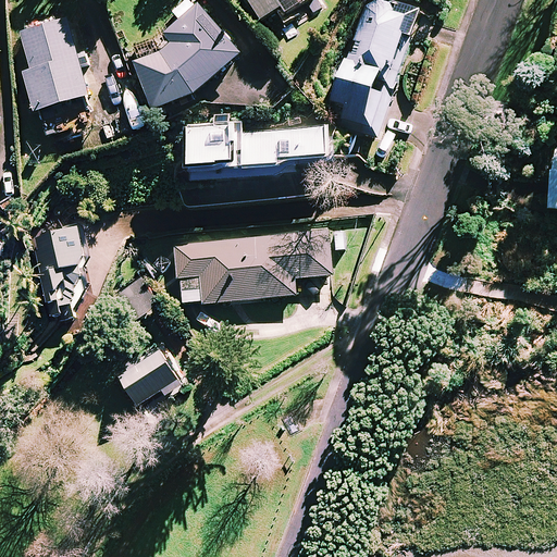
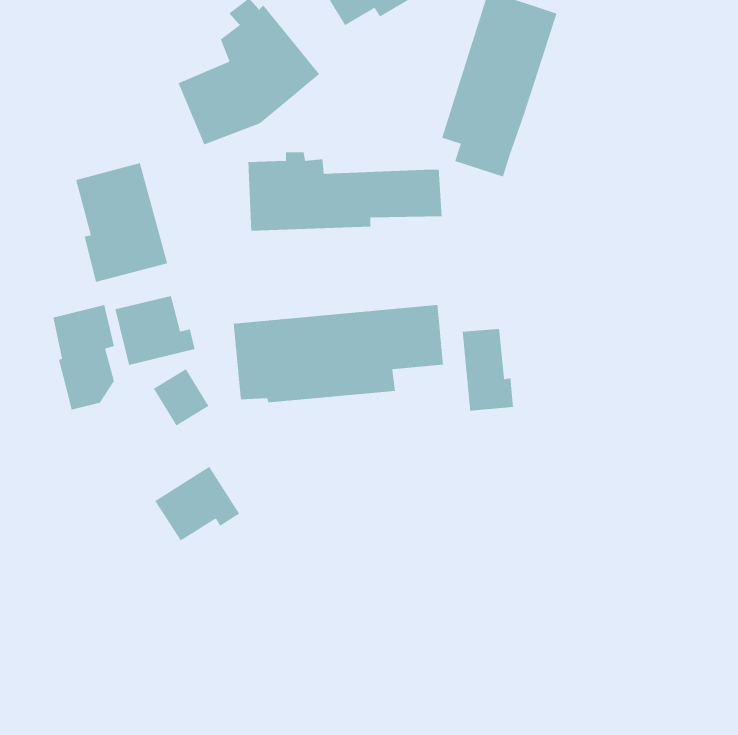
building: [18,20,88,110] -> [75,162,168,283]
building: none -> [115,295,196,366]
building: none -> [462,328,514,411]

